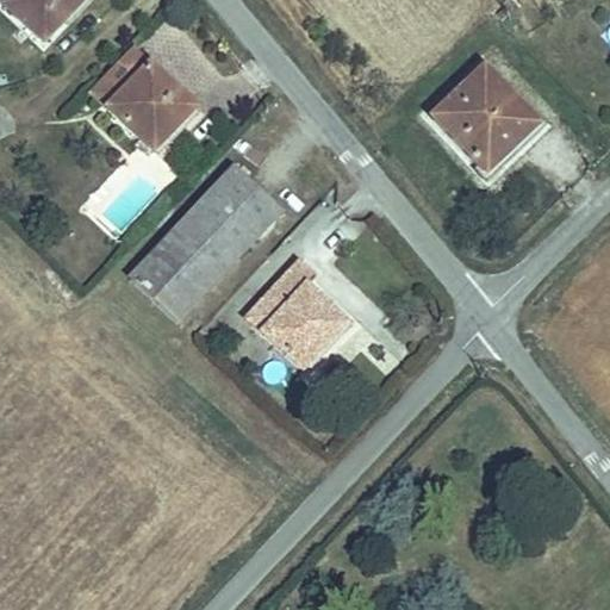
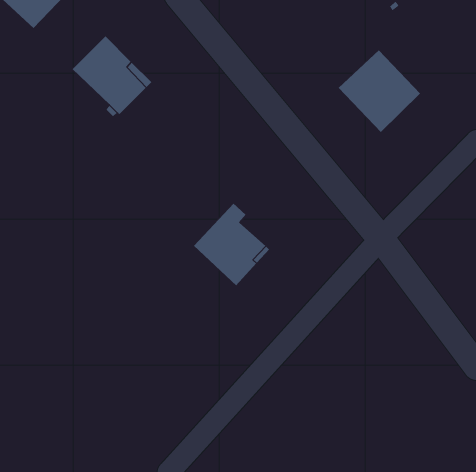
building: [131,163,281,318] -> none

